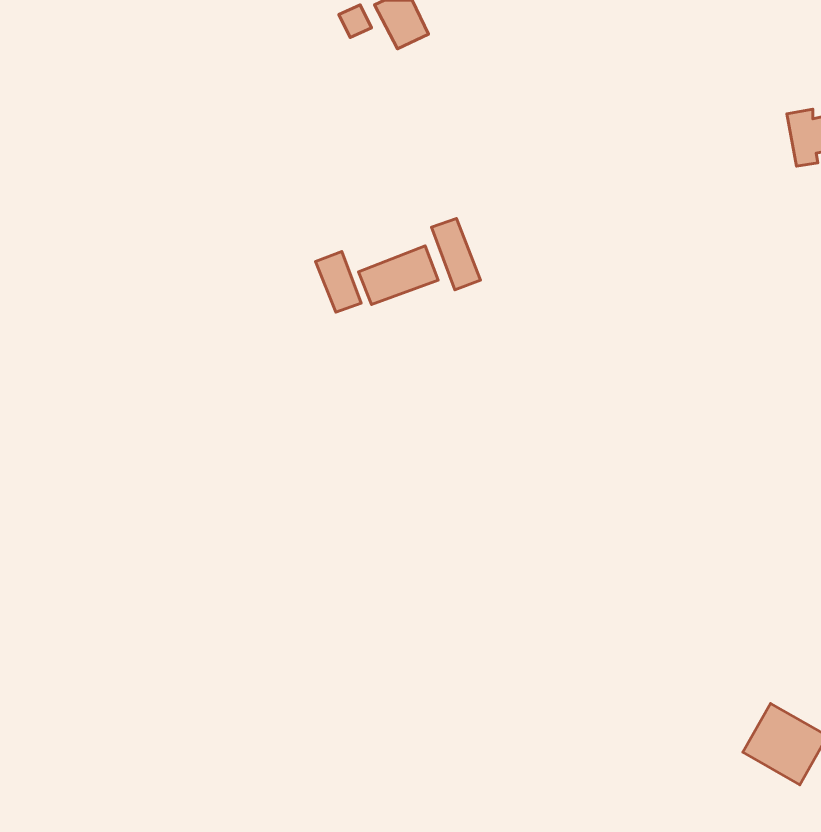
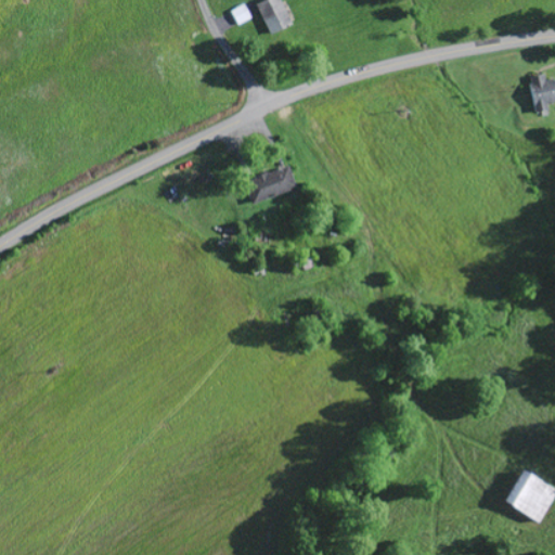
building: [432,218,481,290] -> none
building: [316,252,361,312] -> none

